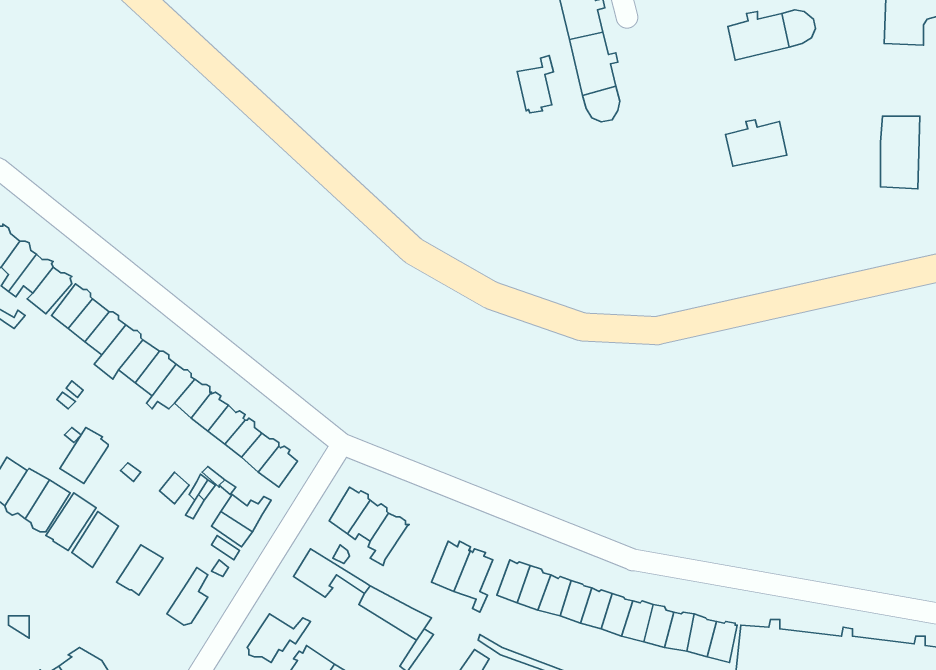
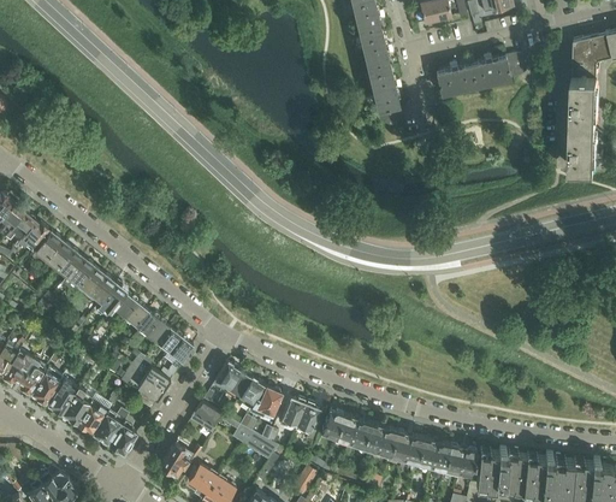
building: none -> [570,75,597,122]
building: [517,56,553,113] -> none
building: [725,120,787,166] -> [436,63,475,93]
building: [60,428,108,484] -> [60,386,91,423]
building: none -> [249,386,282,419]
building: none -> [93,407,129,442]

